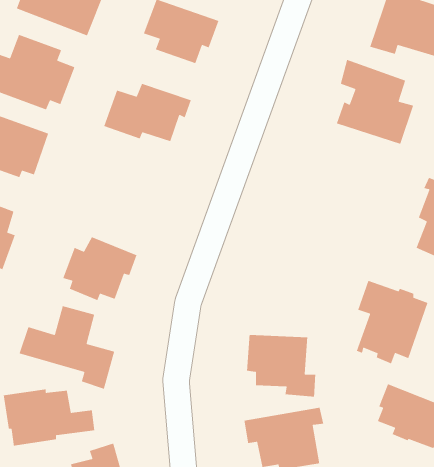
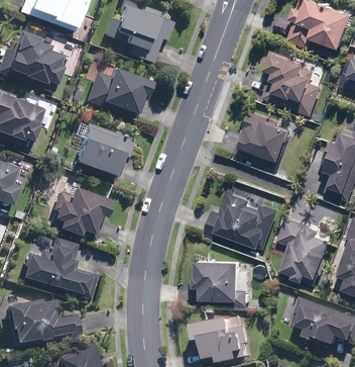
building: none -> [232,111,292,161]
building: none -> [73,122,134,173]
building: none -> [207,192,275,248]

